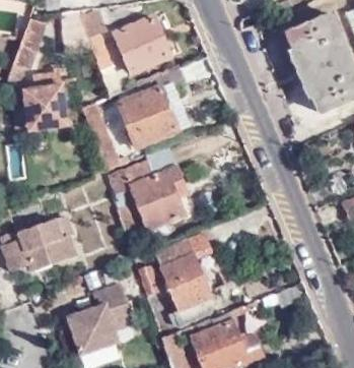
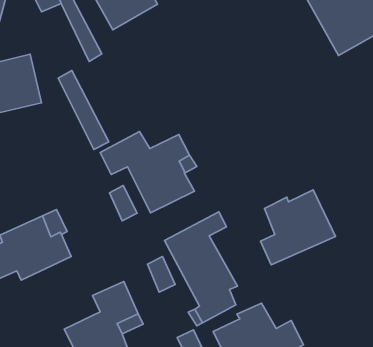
building: [118,67,190,146] -> none
building: none -> [260,190,336,265]

